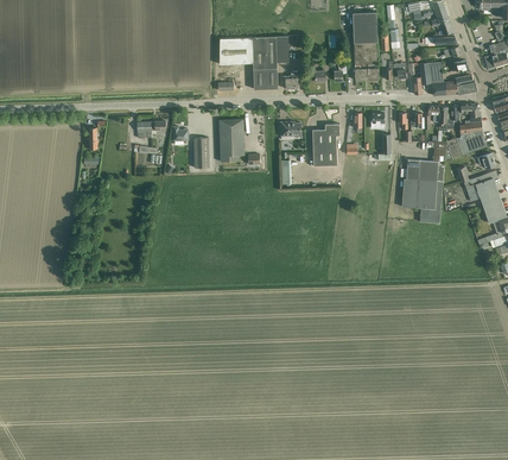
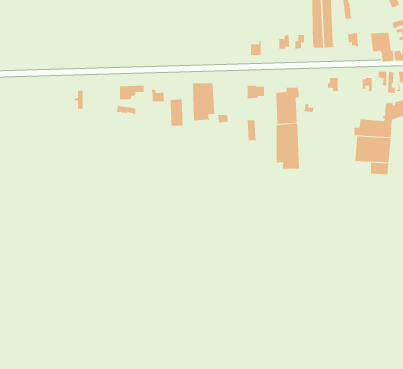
building: [220,34,288,89] -> none
building: none -> [276,123,299,170]

